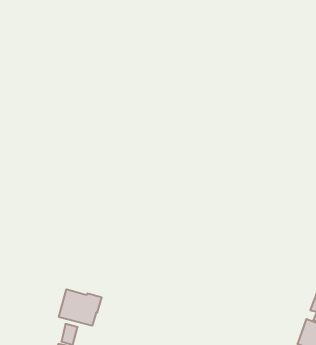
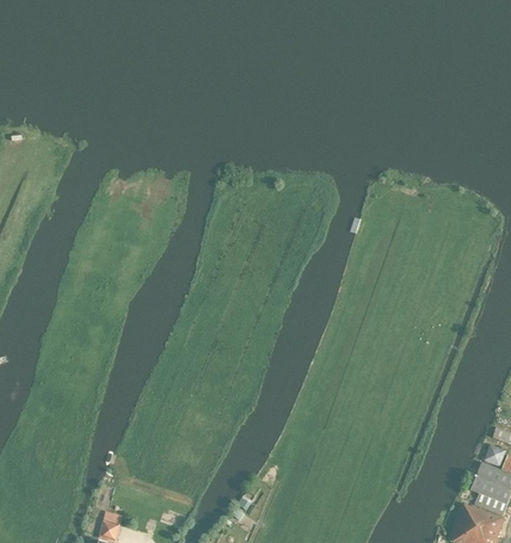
building: [59,289,102,326] -> none

